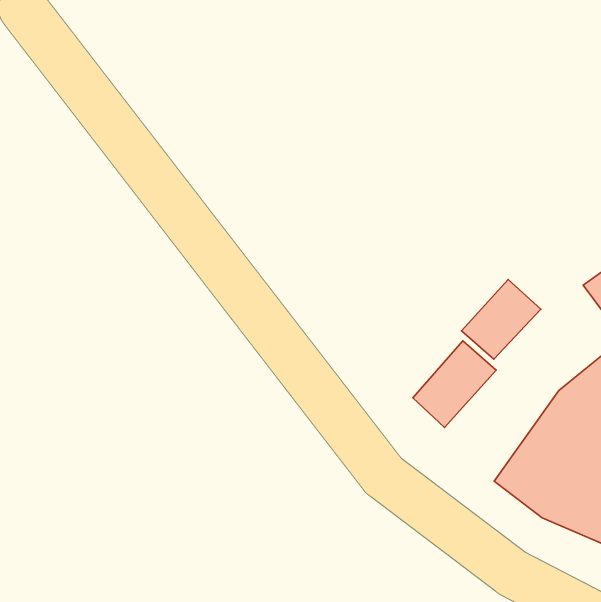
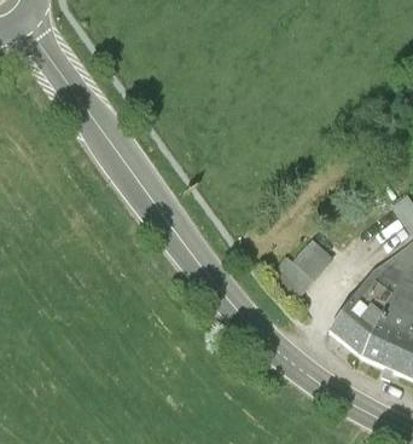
building: [462,279,541,359] -> none

